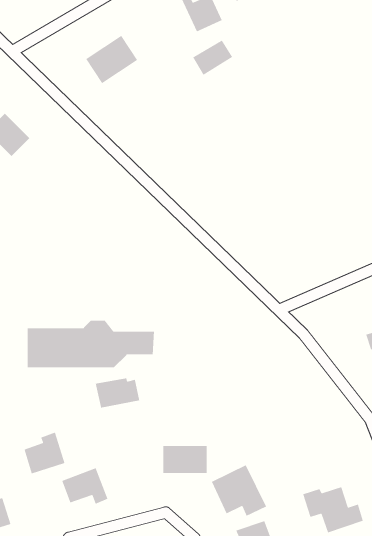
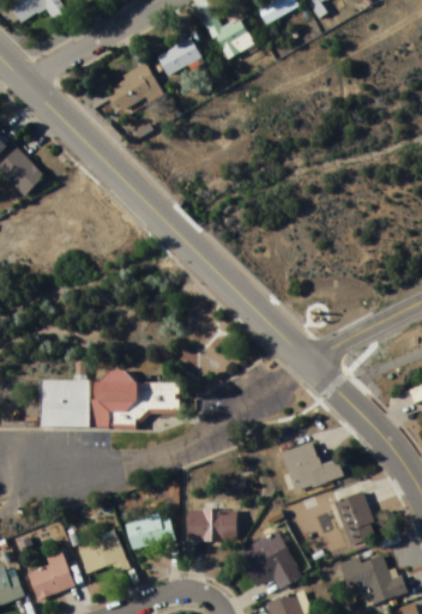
building: [192,39,233,76] -> [156,37,200,77]
building: [95,378,140,408] -> [125,516,174,549]
building: none -> [281,441,343,493]
building: none -> [333,492,376,546]
building: [23,432,65,475] -> [28,553,73,600]

